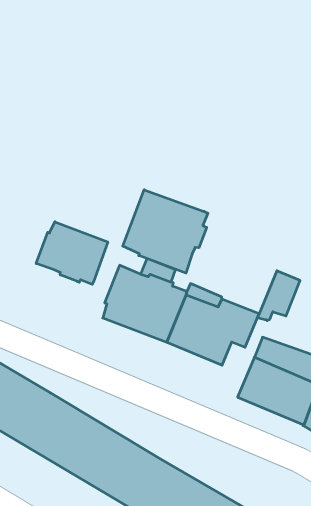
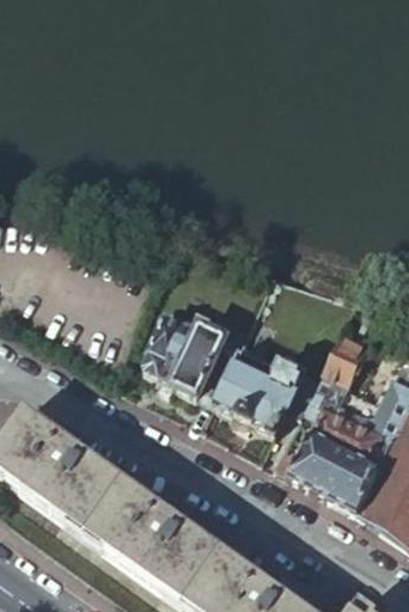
building: [123,190,208,273] -> none
building: [36,222,108,284] -> none

